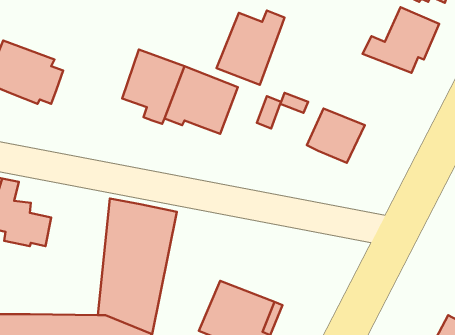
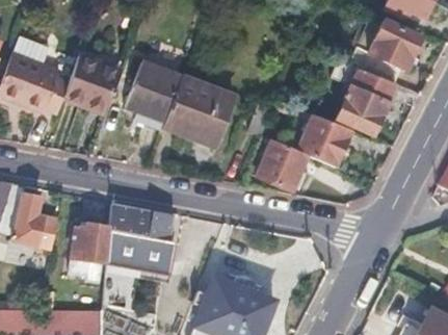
building: [217,11,285,85] -> none
building: none -> [63,56,122,115]
building: none -> [333,63,395,136]
building: none -> [258,141,308,190]
building: none -> [69,224,108,285]

